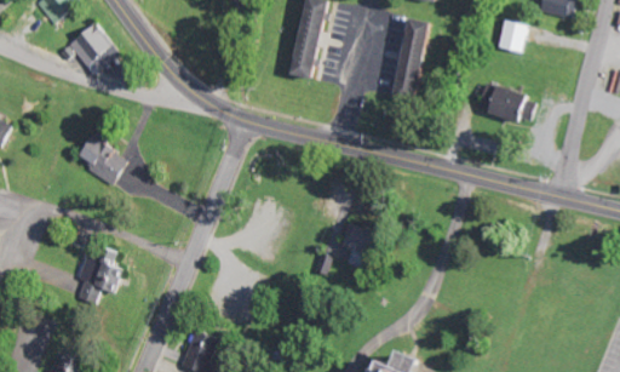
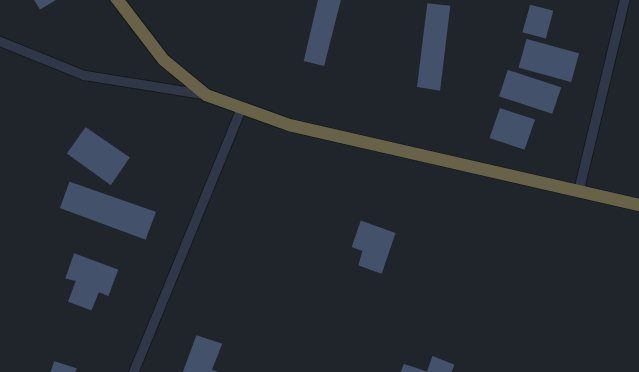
building: [62,22,115,76] -> none
building: none -> [518,38,580,83]
building: none -> [489,107,536,150]
building: none -> [59,181,157,241]

